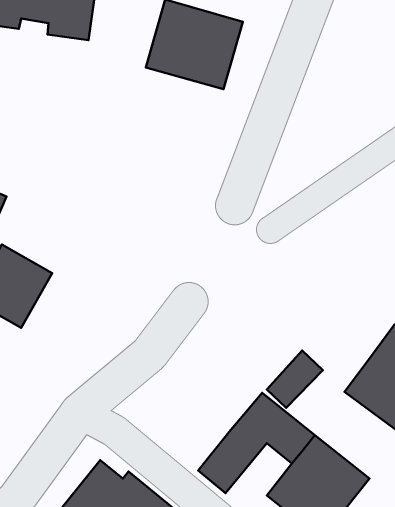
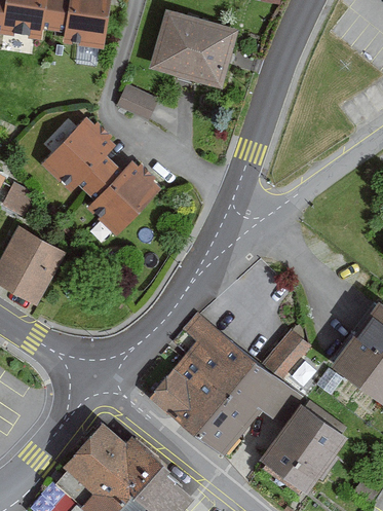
building: none -> [113,81,154,117]
building: none -> [37,119,155,234]
building: none -> [154,314,254,433]

